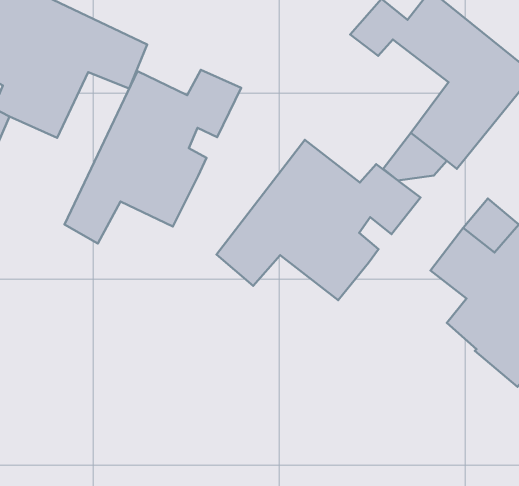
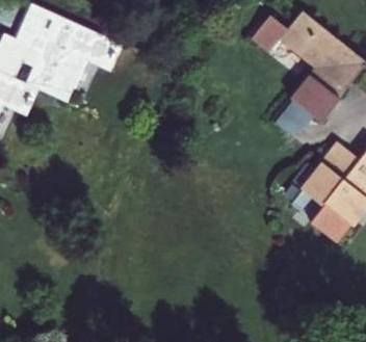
building: [64,70,241,244] -> none
building: [217,140,421,300] -> none

